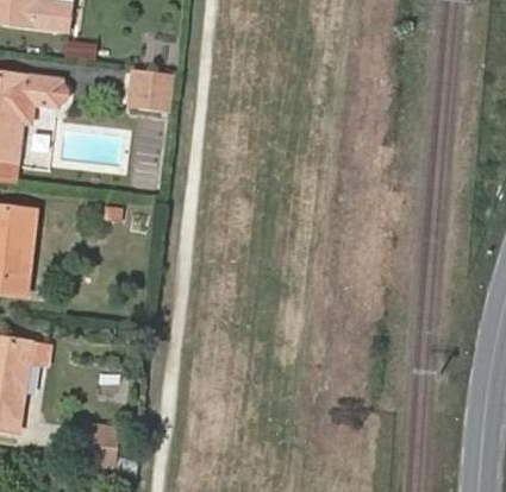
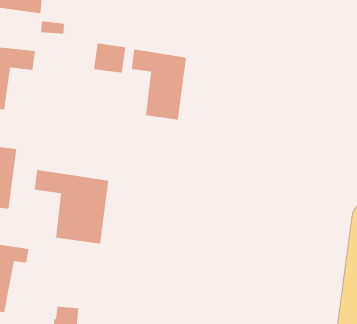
building: none -> [131,49,187,121]
building: none -> [34,169,109,244]

